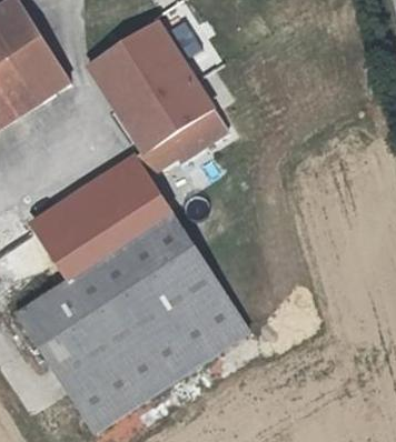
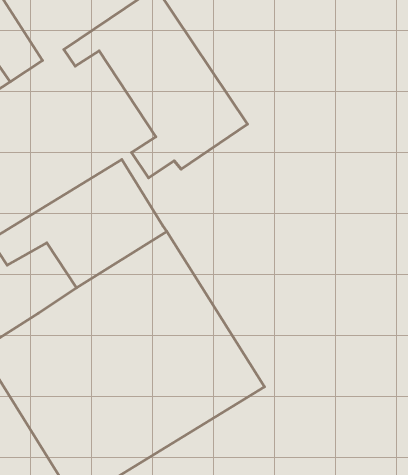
building: [96,72,159,152] -> none
building: [42,223,97,279] -> none

